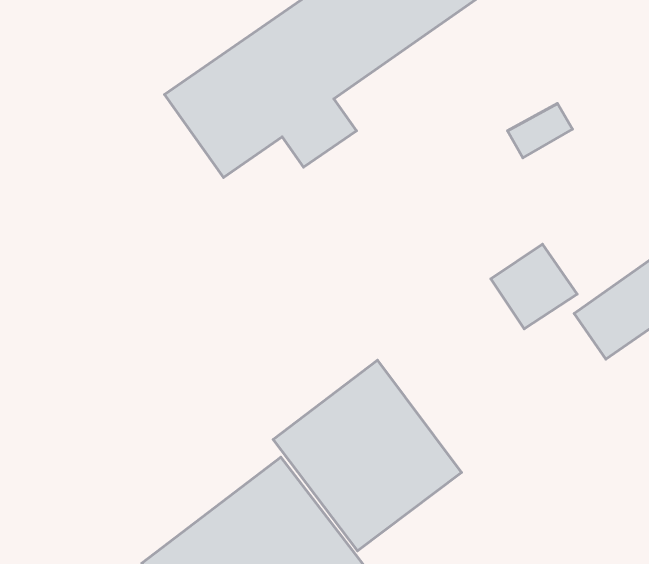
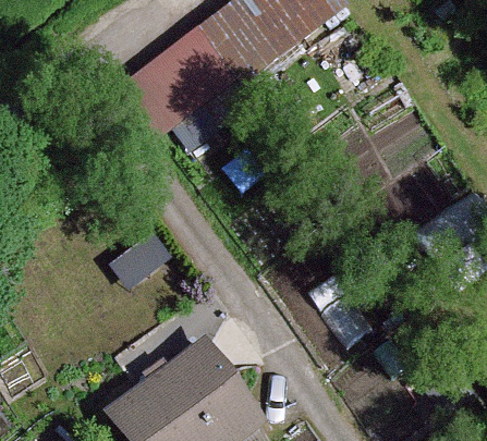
building: [273,360,462,551] -> none

